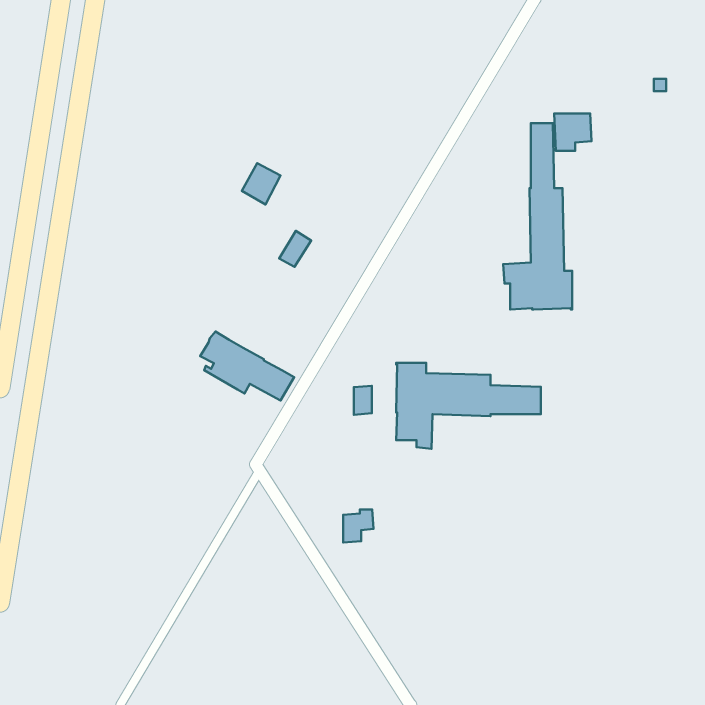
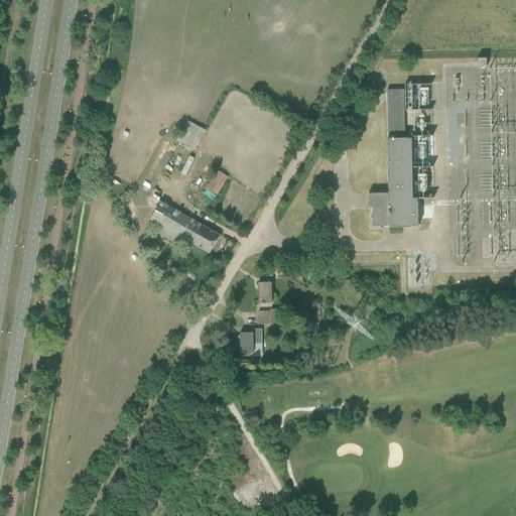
building: [200,331,294,401] -> [150,201,219,251]
building: [396,363,541,449] -> none
building: [343,509,374,543] -> [241,329,263,353]

